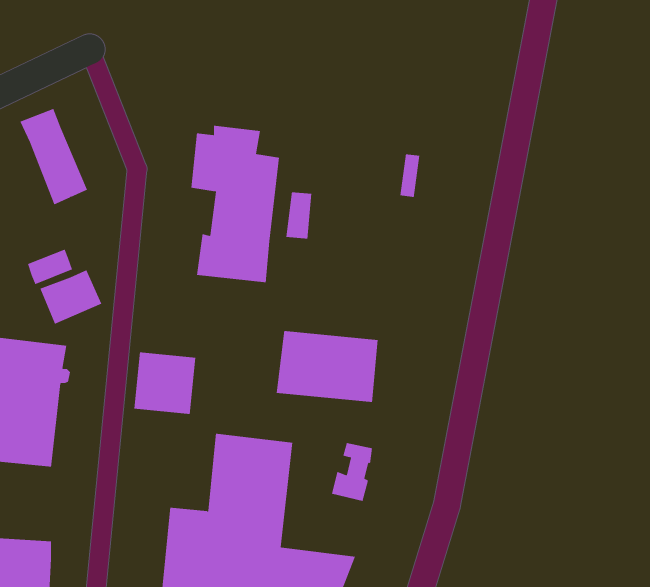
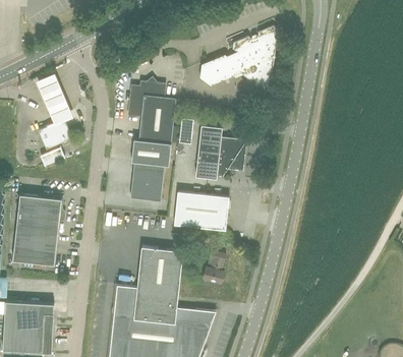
building: none -> [198,26,276,91]
building: none -> [195,125,245,178]
building: [39,270,102,325] -> [38,120,71,150]
building: [134,352,196,415] -> [129,168,163,201]

